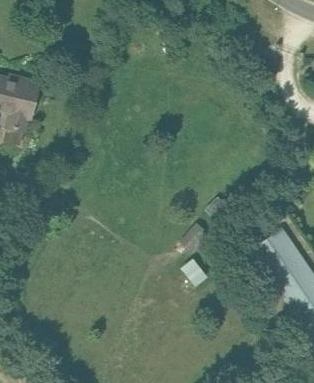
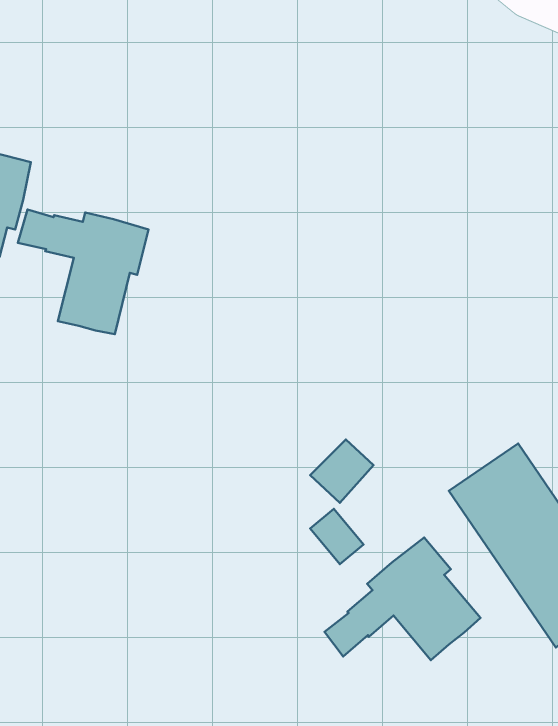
building: none -> [18,210,149,334]
building: none -> [325,537,480,660]

